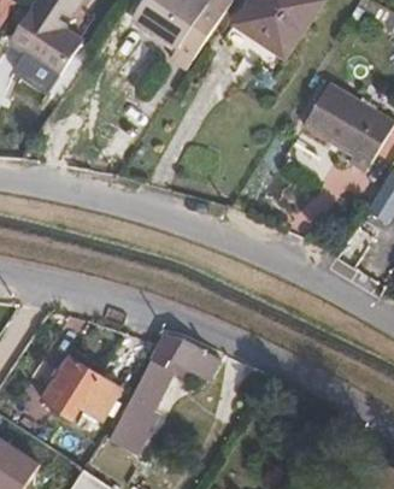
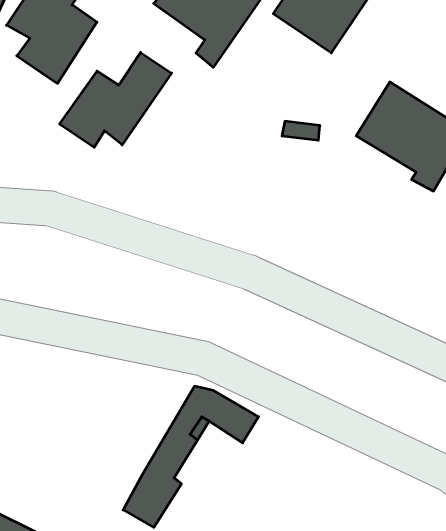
building: none -> [60,52,172,147]
building: [35,363,117,430] -> none

